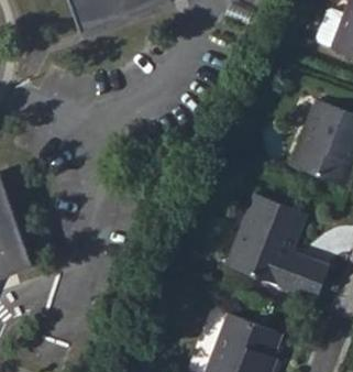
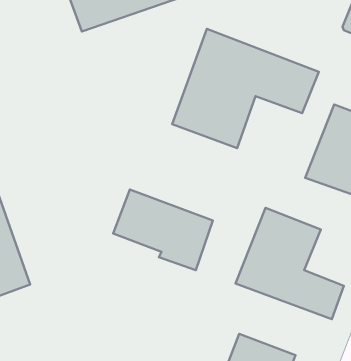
building: none -> [172,29,319,148]
building: none -> [113,189,213,270]

